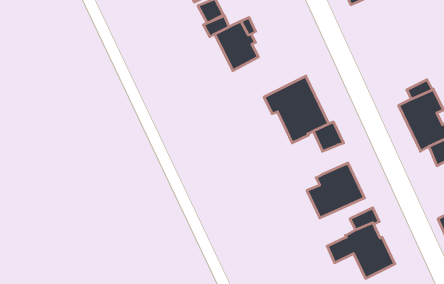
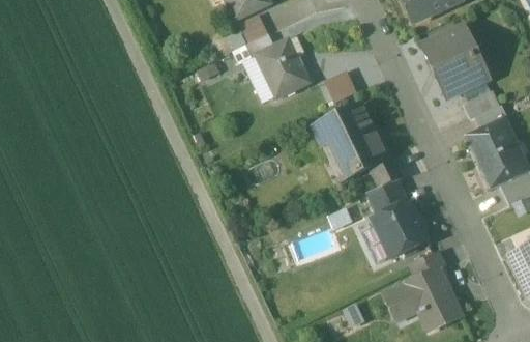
building: none -> [424,26,485,95]
building: none -> [325,67,358,99]
building: none -> [464,89,499,118]
building: none -> [369,179,407,213]

